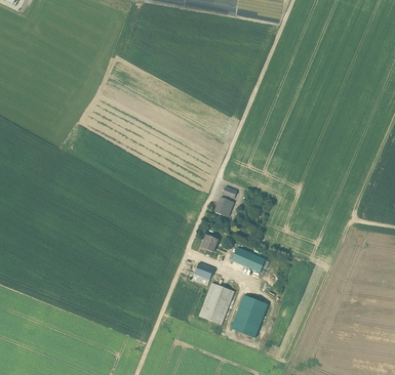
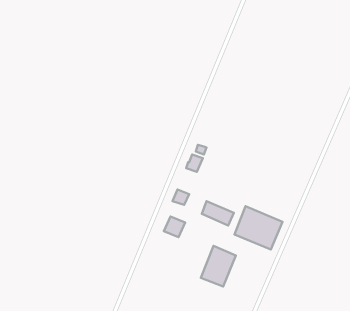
building: none -> [235,206,283,249]
building: [198,282,235,324] -> none

